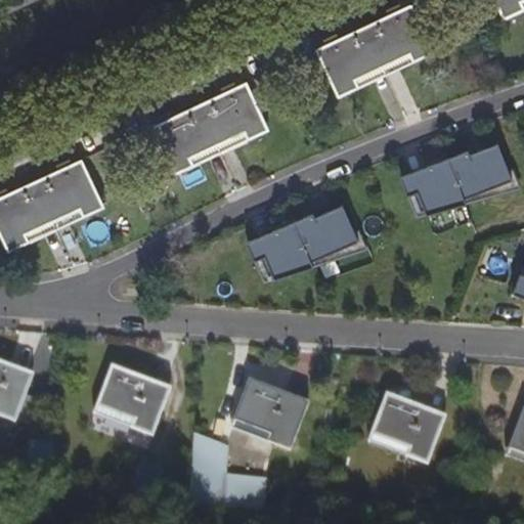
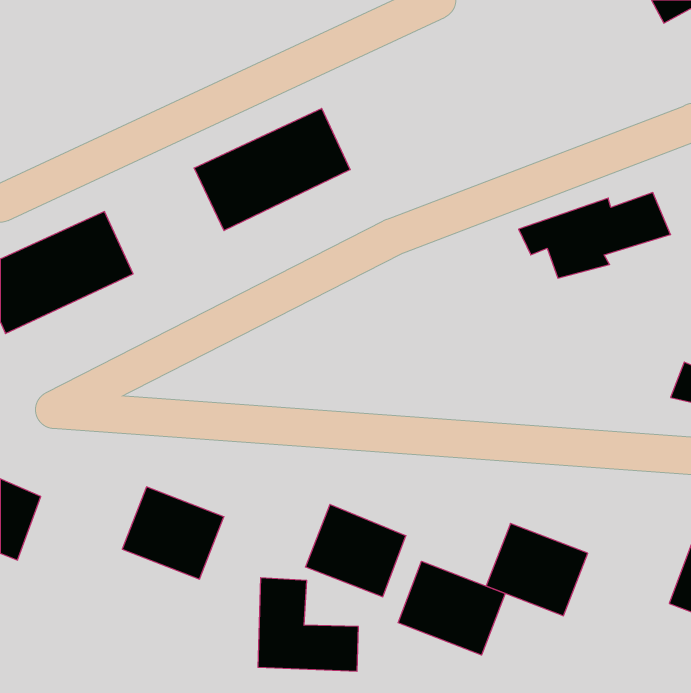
building: [314,4,430,95] -> none
building: [241,204,361,275] -> none
building: none -> [398,561,505,655]

